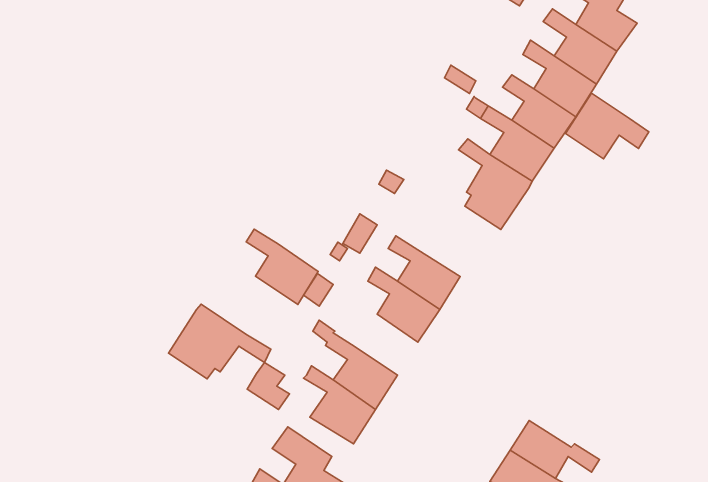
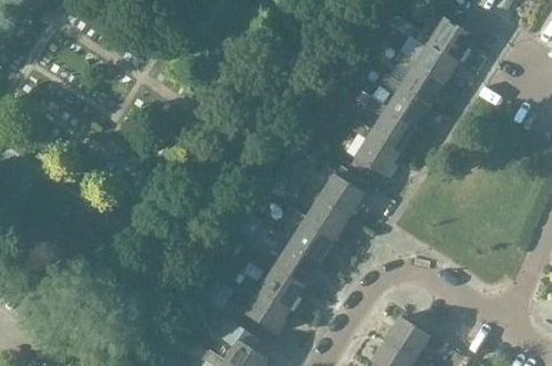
building: [565,93,649,159] -> none
building: none -> [314,164,369,216]
building: [246,229,318,304] -> [269,232,320,285]
building: [168,304,271,379] -> none

